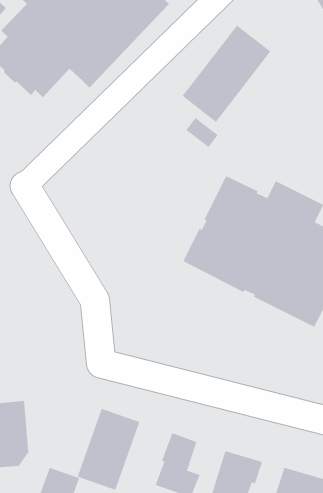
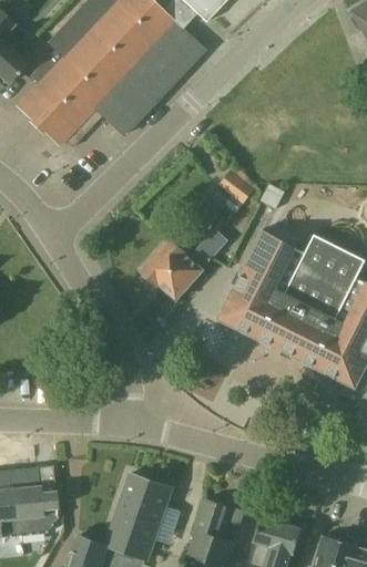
building: [182,25,271,123] -> none
building: none -> [141,229,228,299]

